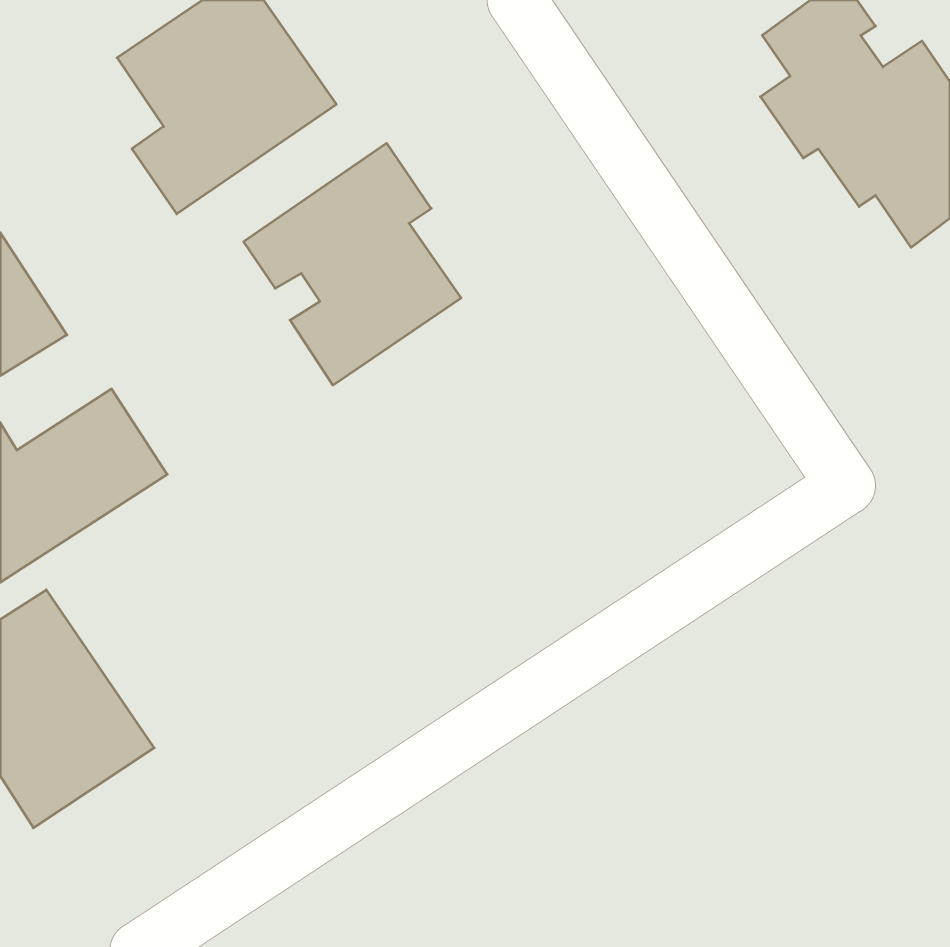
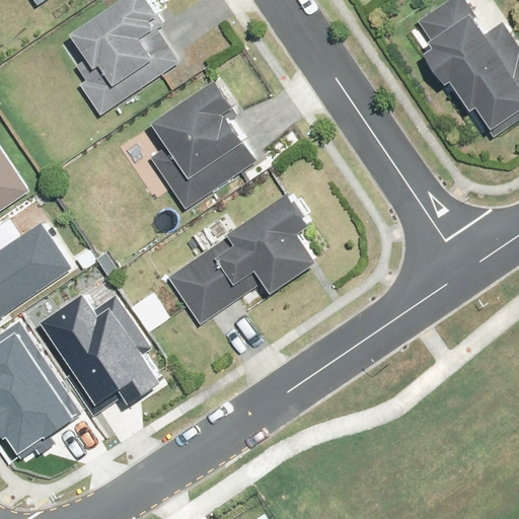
building: none -> [165,196,310,326]
building: none -> [48,291,163,416]

